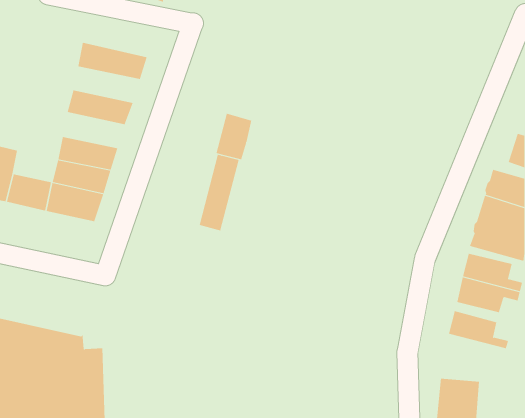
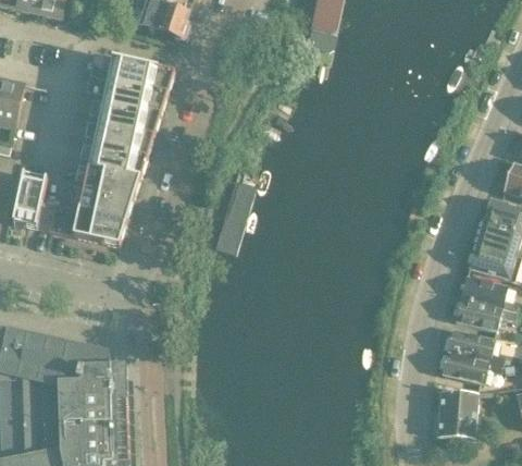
building: none -> [105,54,173,89]
building: none -> [97,98,160,132]
building: none -> [87,140,146,174]
building: [216,113,252,160] -> none
building: none -> [440,347,501,382]

